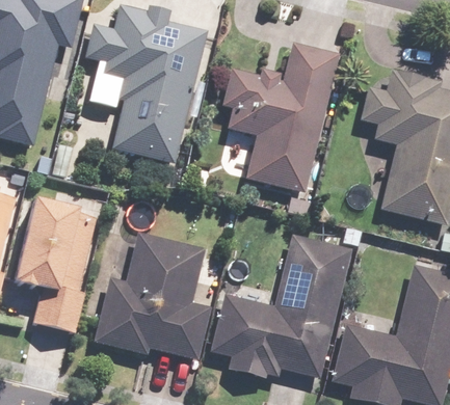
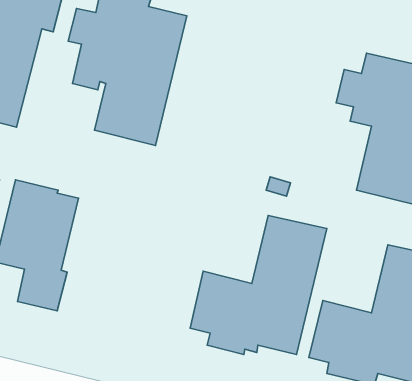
building: [222,41,340,193] -> none
building: [96,231,211,359] -> none

